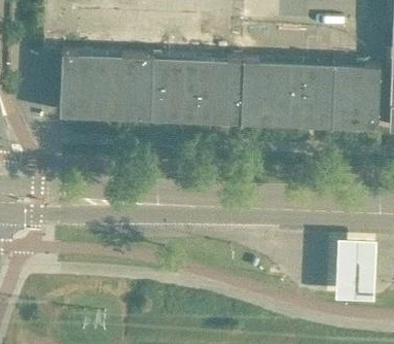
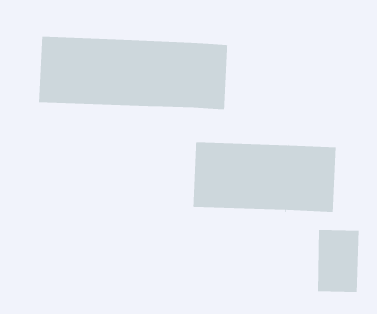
building: [241,60,381,131] -> [192,139,337,213]

